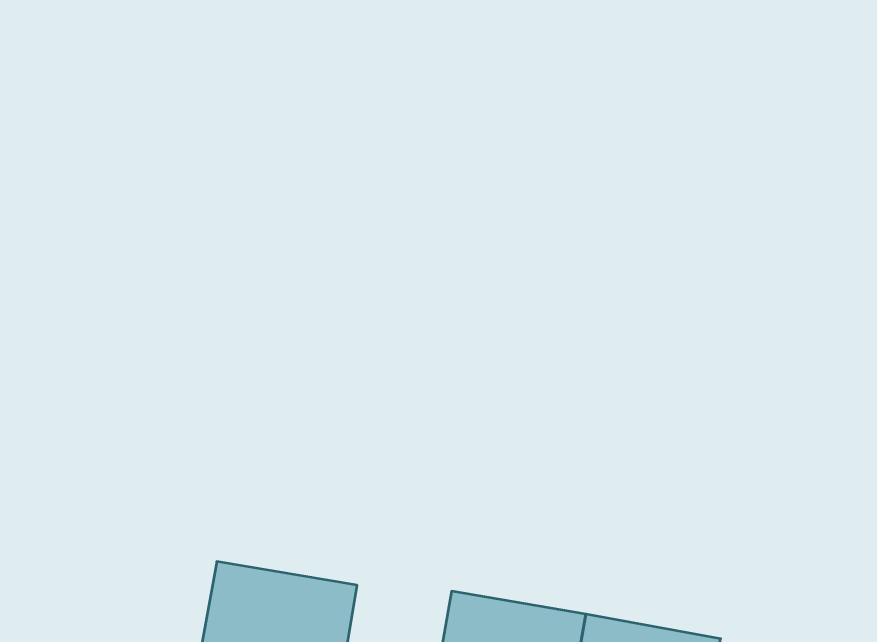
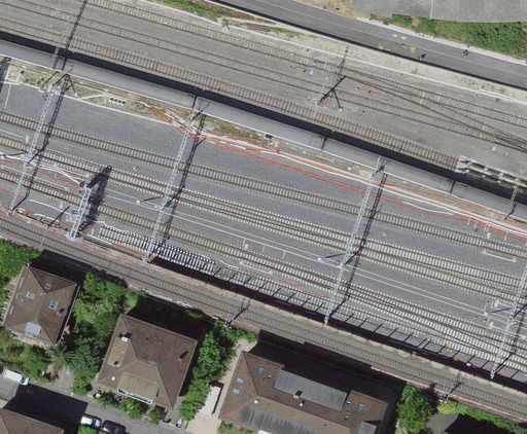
building: none -> [10,263,79,338]

